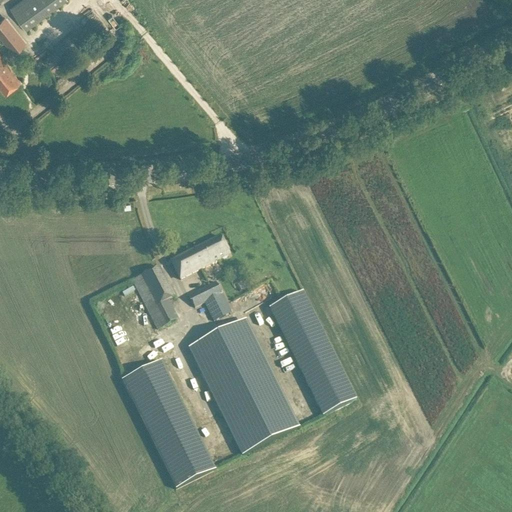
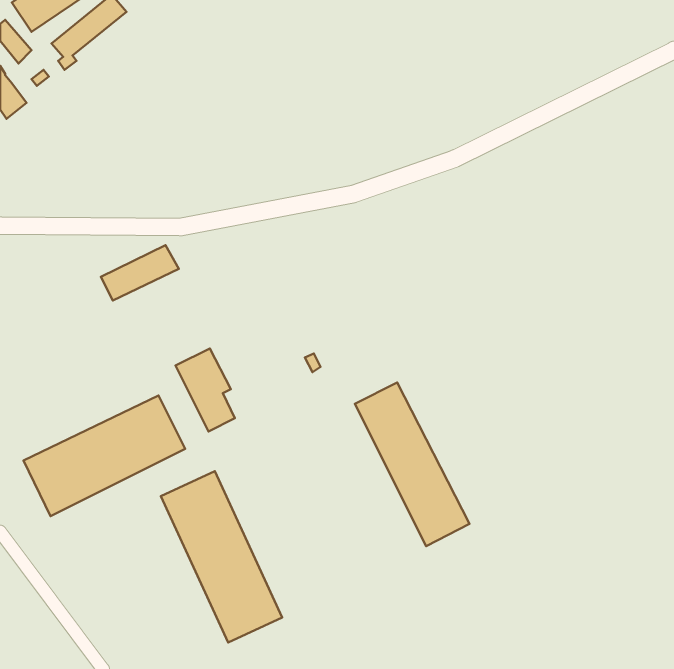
building: [171,234,230,276] -> [101,245,179,301]
building: [188,279,231,318] -> none
building: none -> [24,396,185,516]
building: [197,322,285,438] -> none

